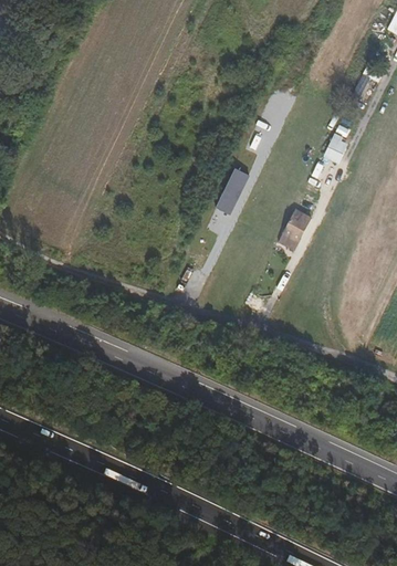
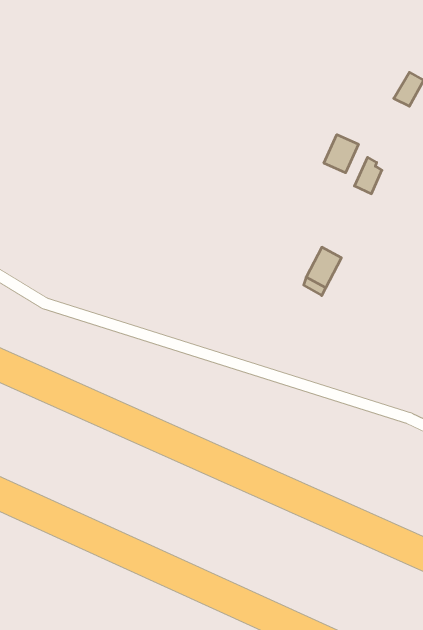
building: none -> [324,135,358,173]
building: [218,160,252,208] -> none

